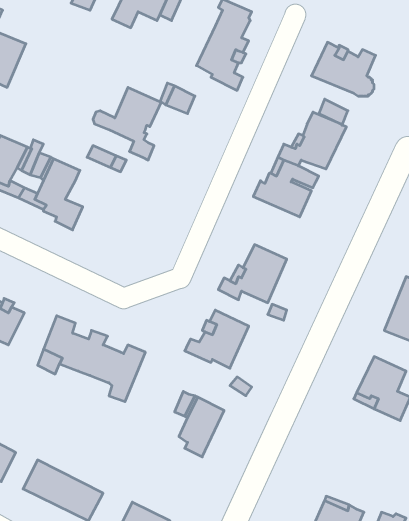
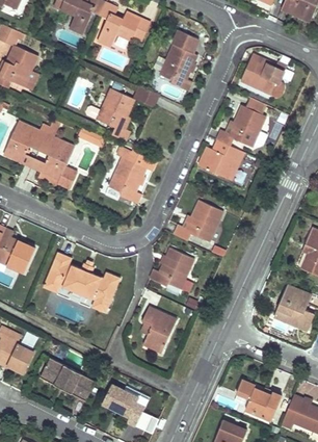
building: none -> [110,147,157,205]

